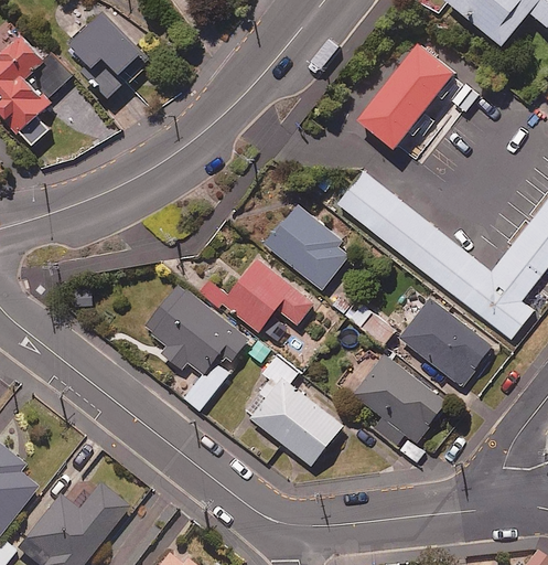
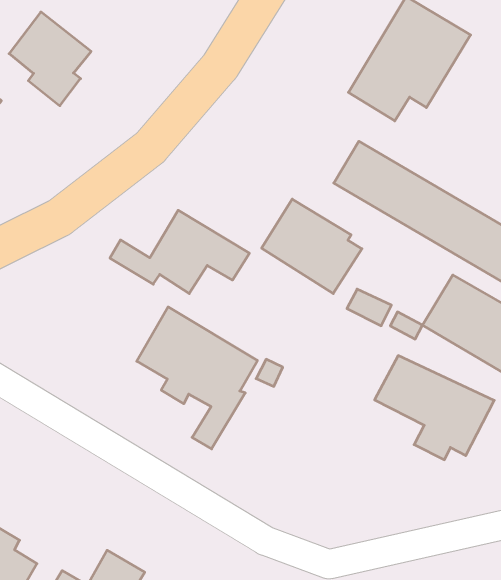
building: [194,259,314,332] -> [110,210,249,294]
building: [249,356,343,467] -> none

